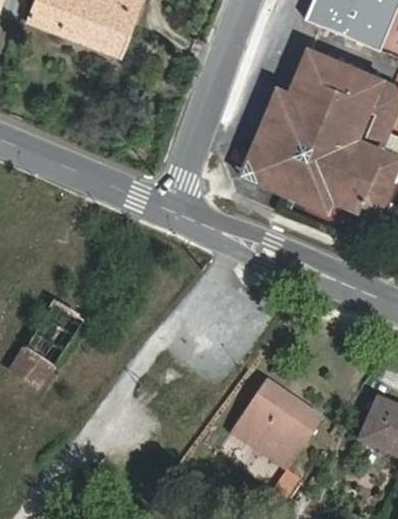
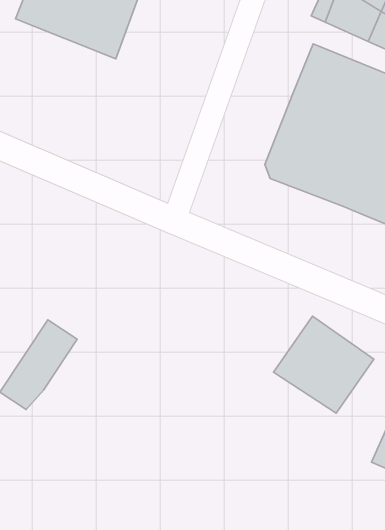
building: [249,84,334,210] -> none
building: [230,377,324,468] -> [274,316,374,413]

